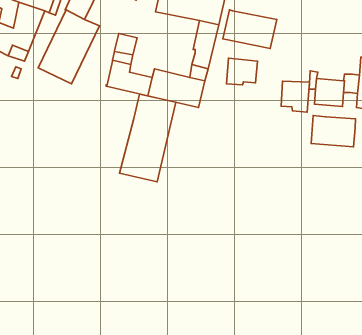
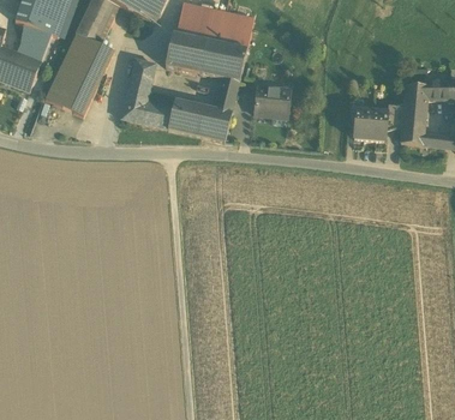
building: [223,10,277,48] -> [166,32,226,76]
building: [281,81,310,112] -> none
building: [120,94,176,182] -> none
building: [311,116,356,147] -> none

